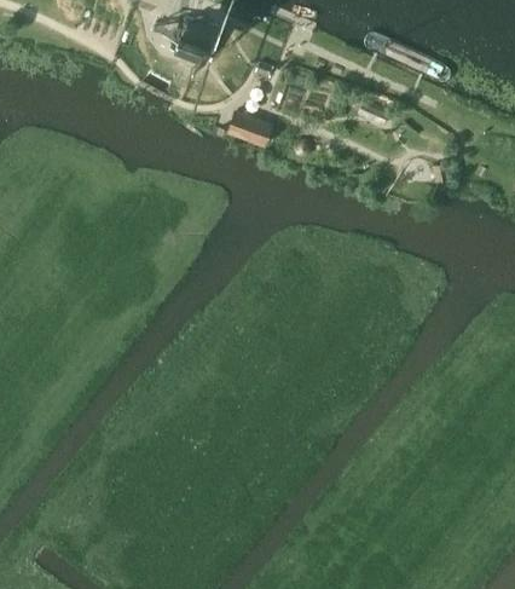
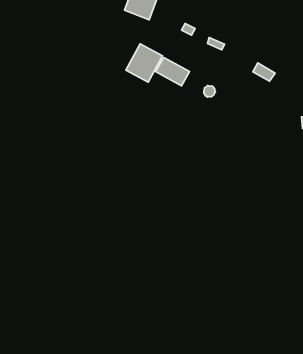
building: none -> [126,44,162,82]

